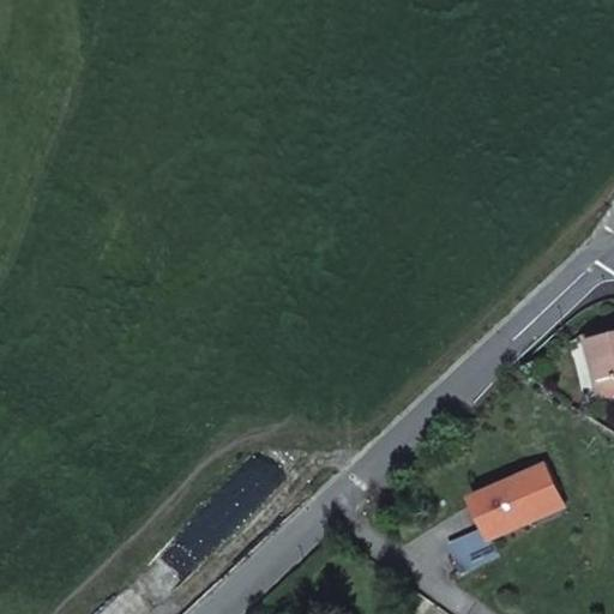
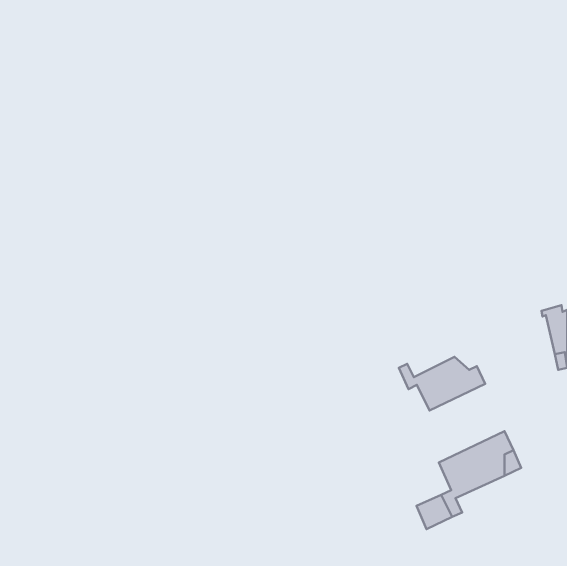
building: none -> [399,357,485,410]

